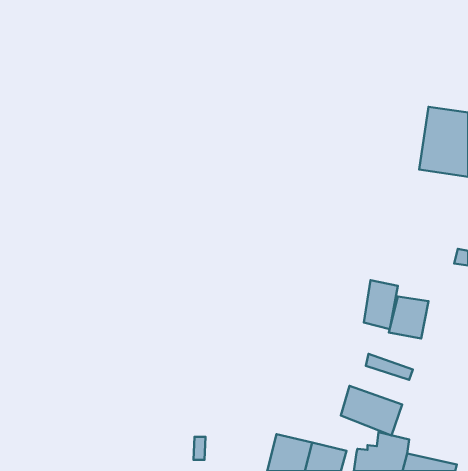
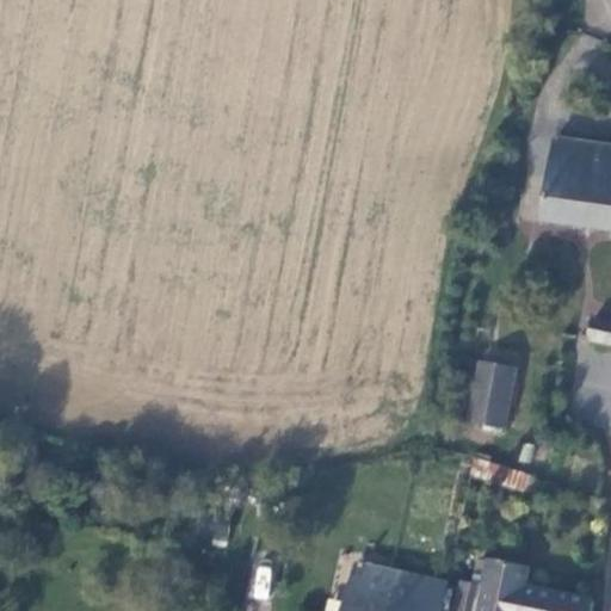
building: [389,296,428,338] -> none
building: [341,386,402,435] -> none

